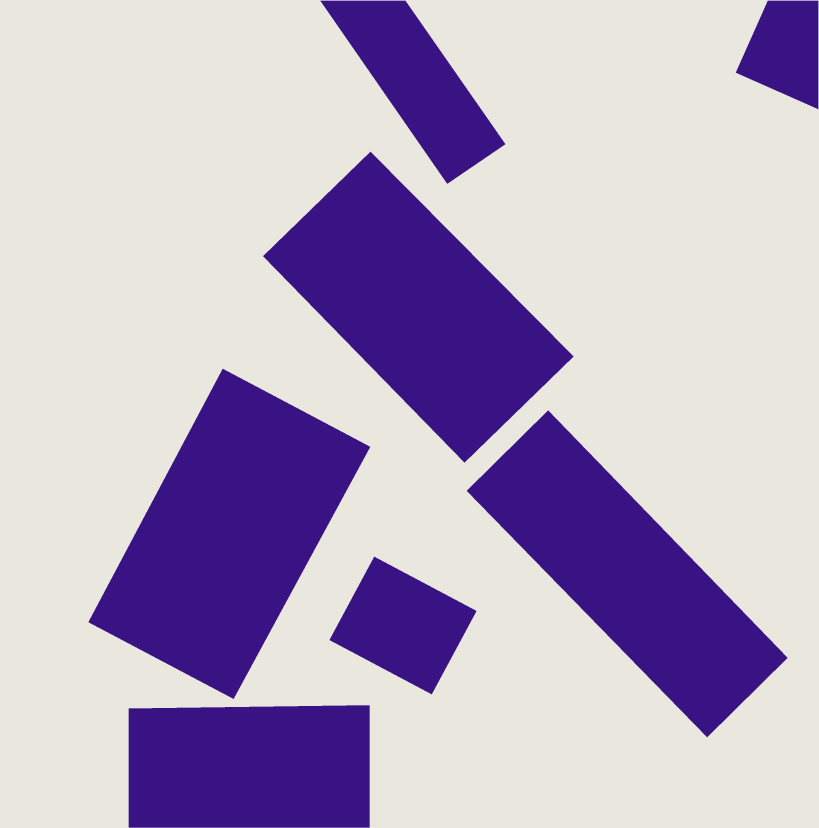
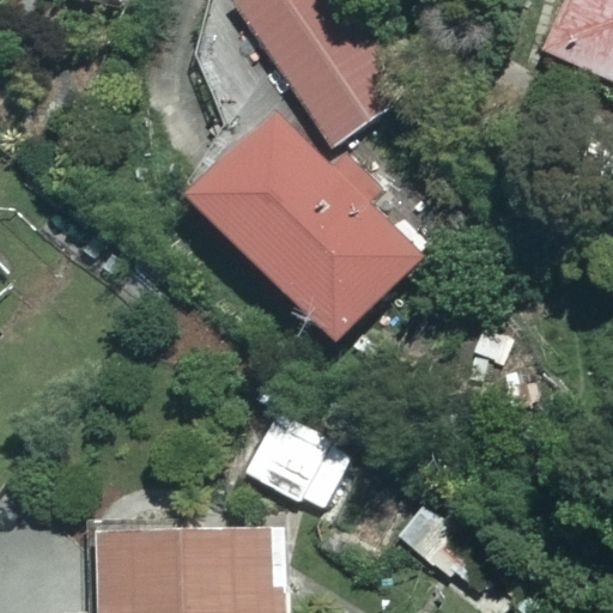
building: [87,368,371,700] -> none
building: [466,409,788,738] -> none

